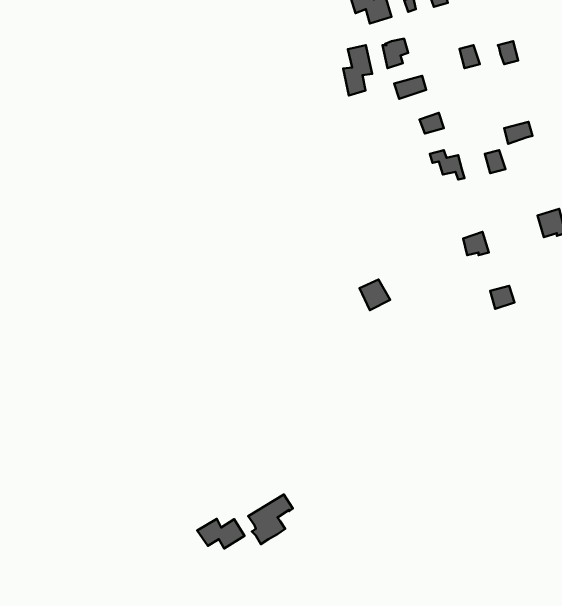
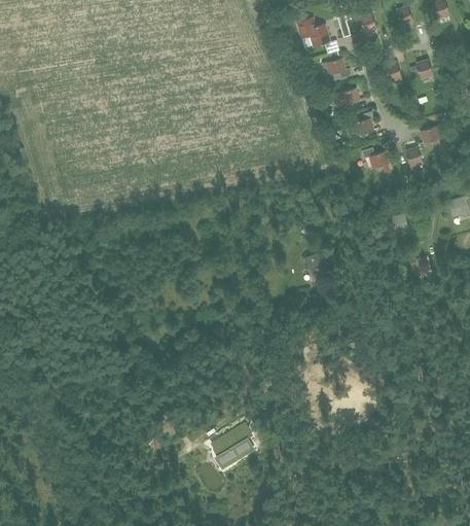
building: [343,45,372,95] -> none
building: [197,519,245,549] -> none

